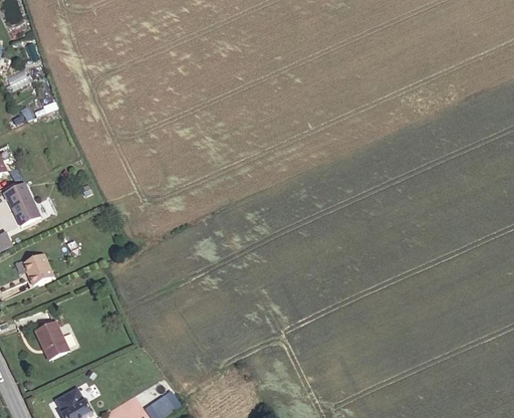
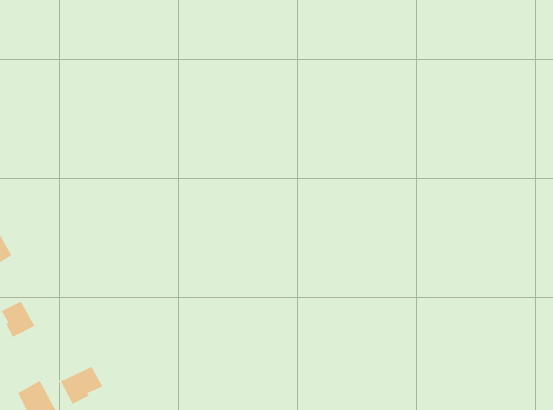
building: none -> [60,366,103,405]

